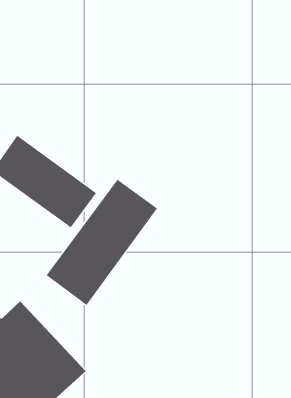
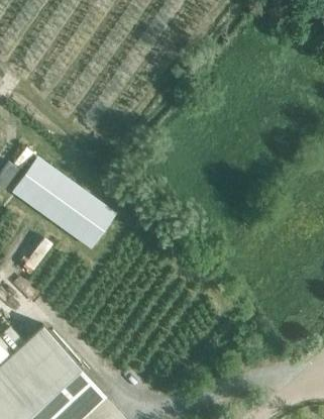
building: [46,179,158,306] -> none

